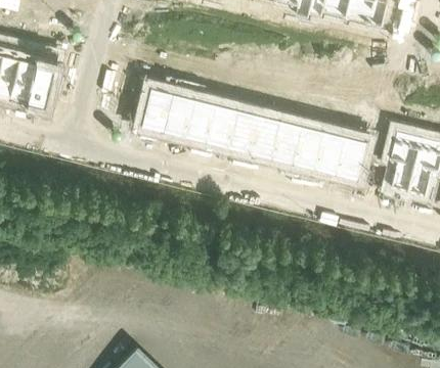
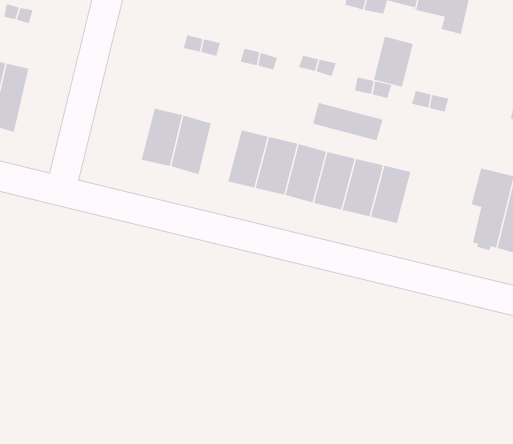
building: none -> [373,36,413,88]
building: none -> [312,102,383,141]
building: [183,98,215,142] -> none
building: [333,135,366,180] -> none

